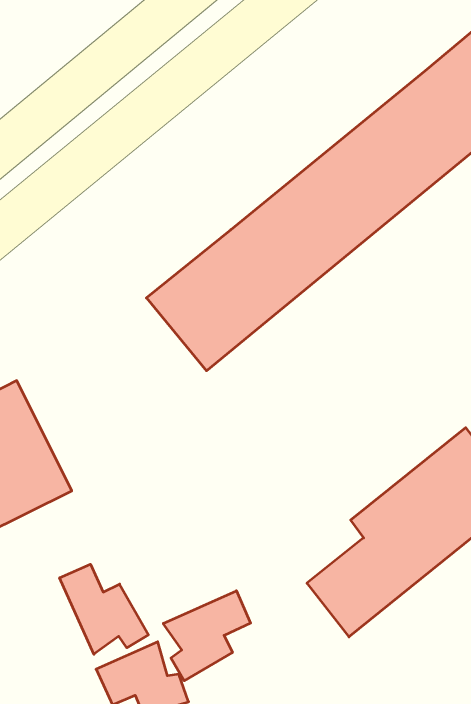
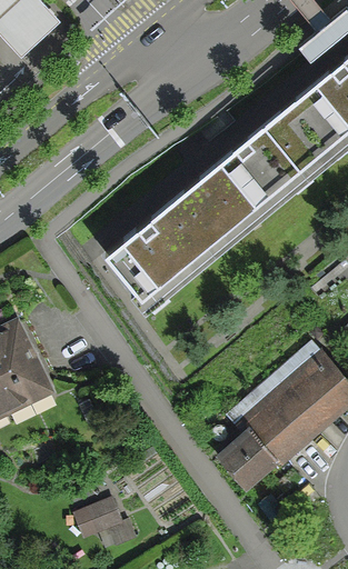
building: [60,564,148,654] -> none
building: [163,591,251,681] -> none

